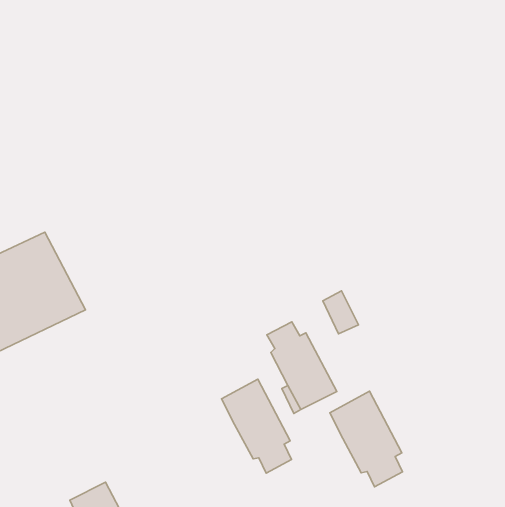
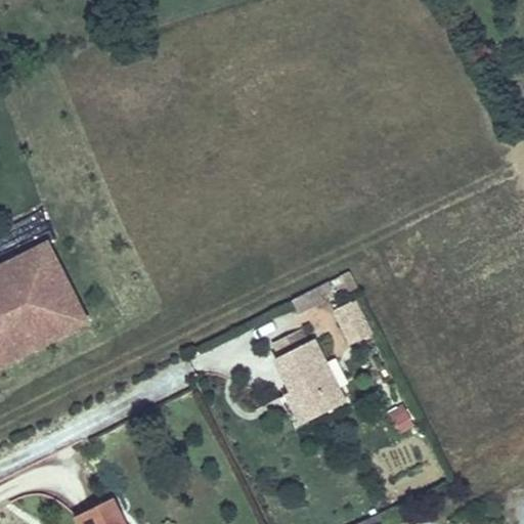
building: [222,379,292,473] -> none
building: [330,391,403,487] -> none

